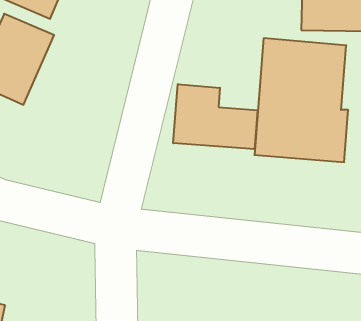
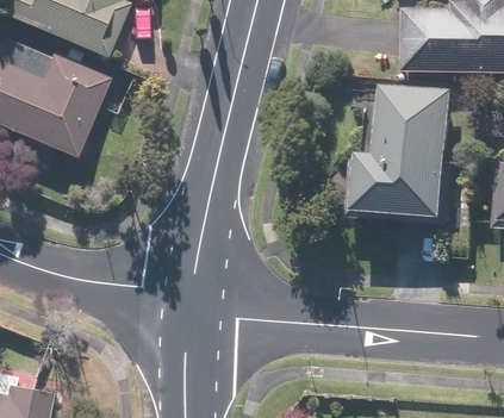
building: [173,84,257,149] -> none

